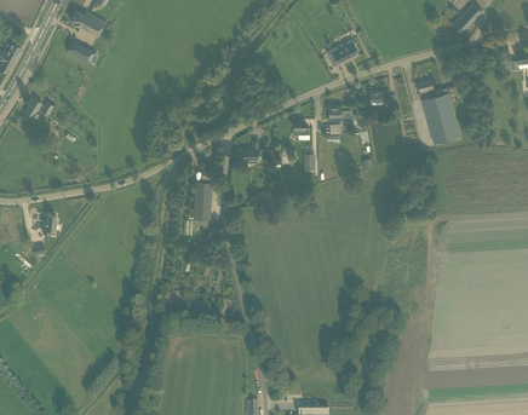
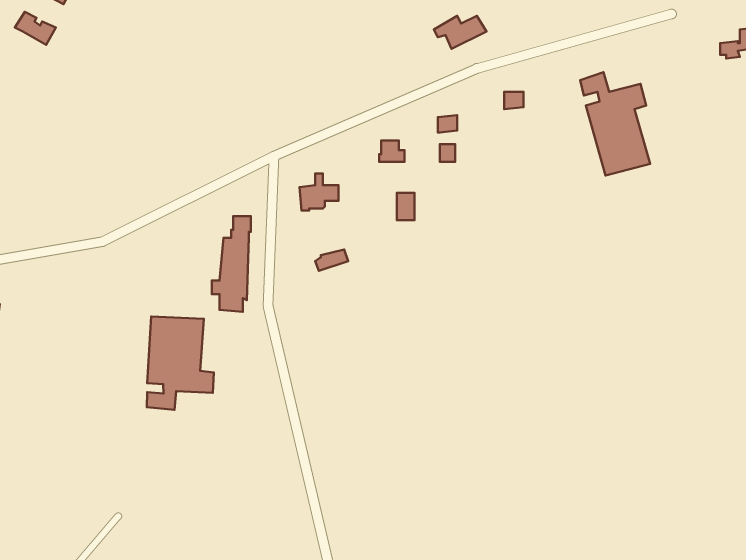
building: none -> [147,316,214,410]

